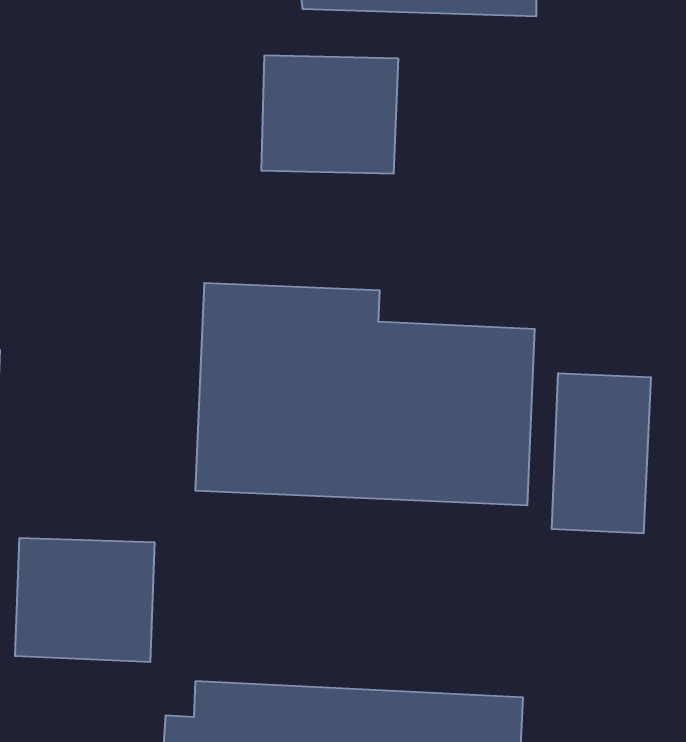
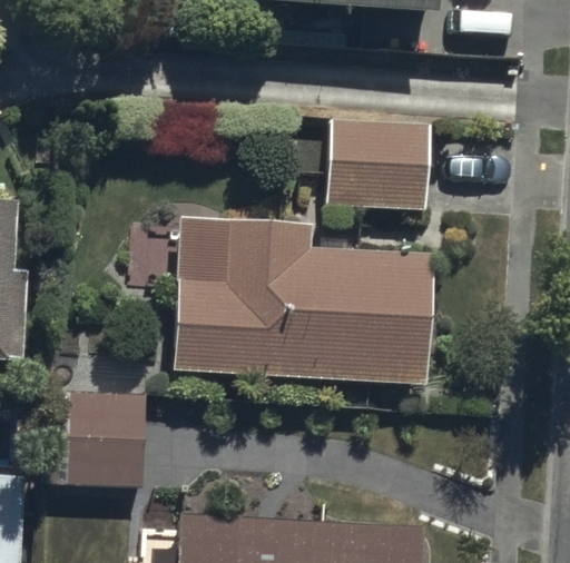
building: [261,56,398,173] -> [328,120,431,208]
building: [552,373,651,533] -> none

